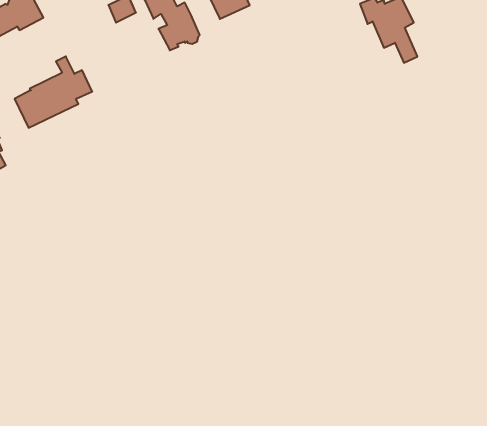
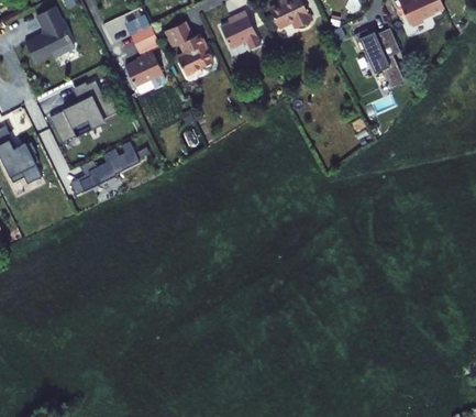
building: none -> [125,50,163,86]
building: none -> [69,141,140,195]

